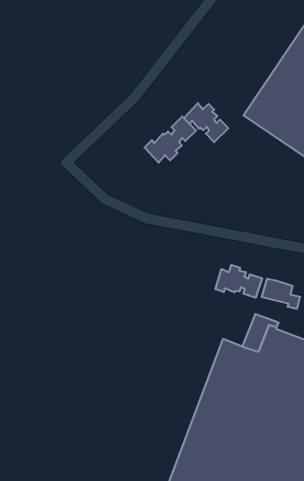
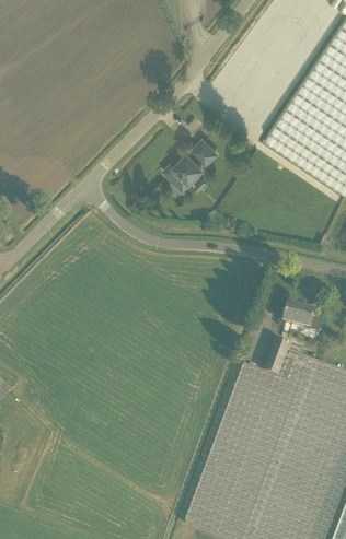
building: [184,103,228,142] -> none
building: [215,265,262,298] -> none

